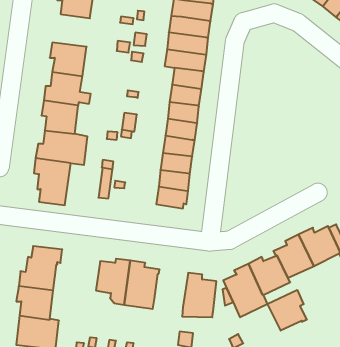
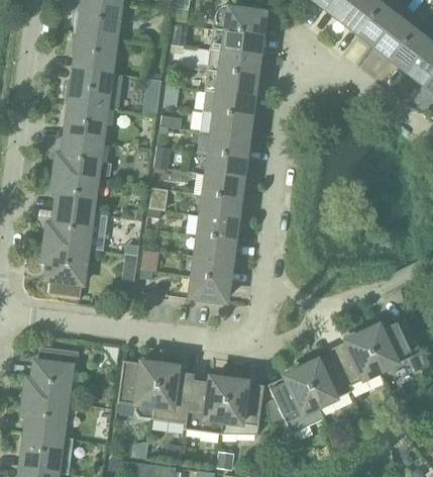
building: none -> [66,67,124,108]
building: none -> [187,377,229,432]
building: [268,290,307,331] -> none

